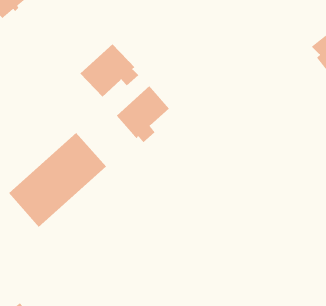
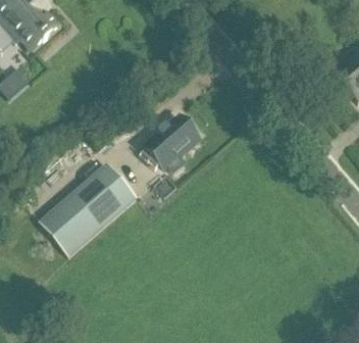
building: [80,43,139,98] -> none

